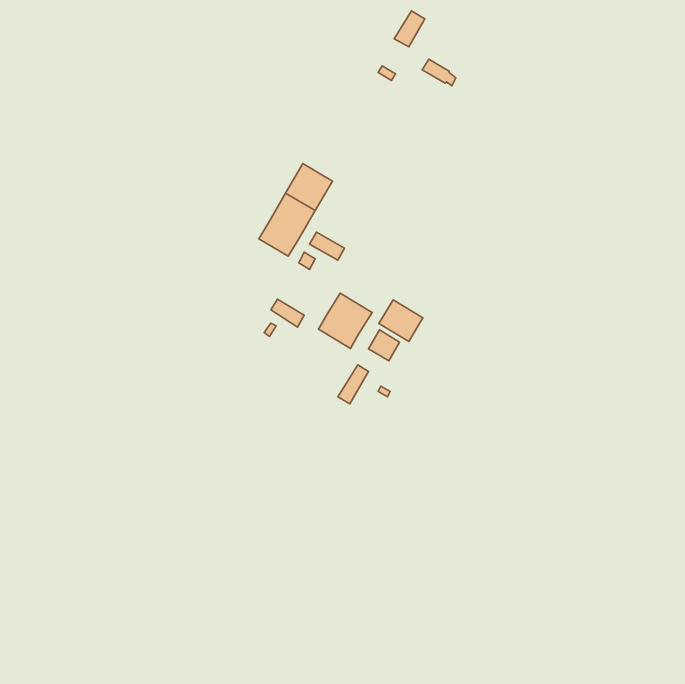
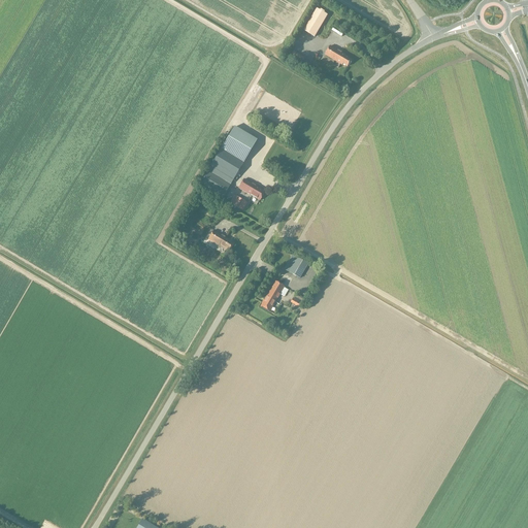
building: [318,293,372,349] -> none
building: [379,300,423,342] -> none

